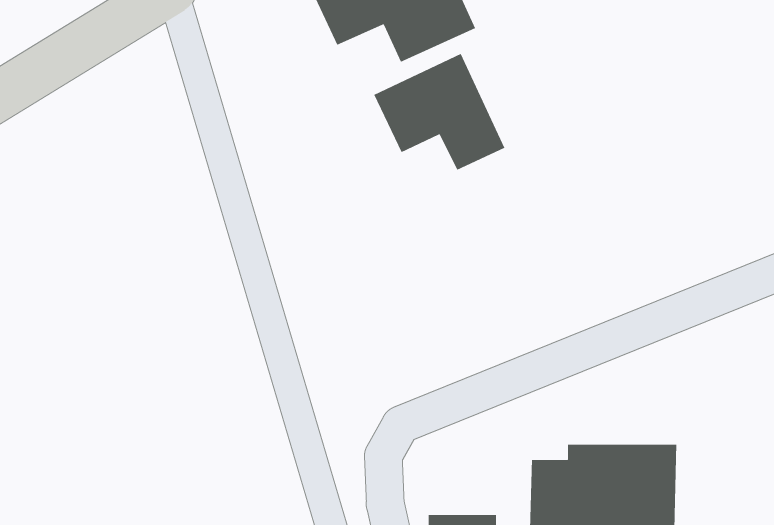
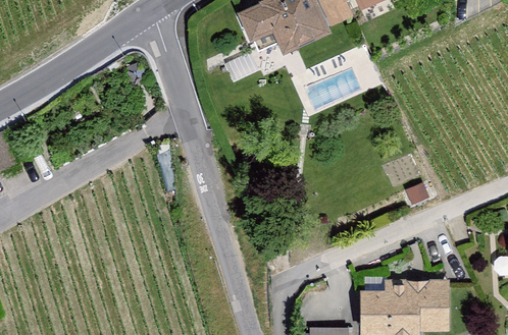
building: [373,53,506,171] -> none

